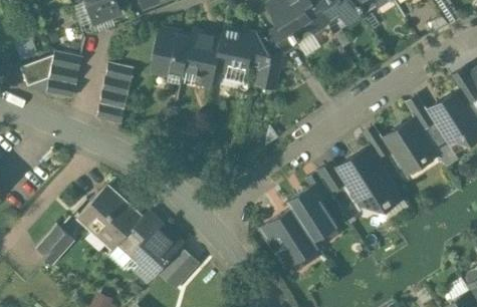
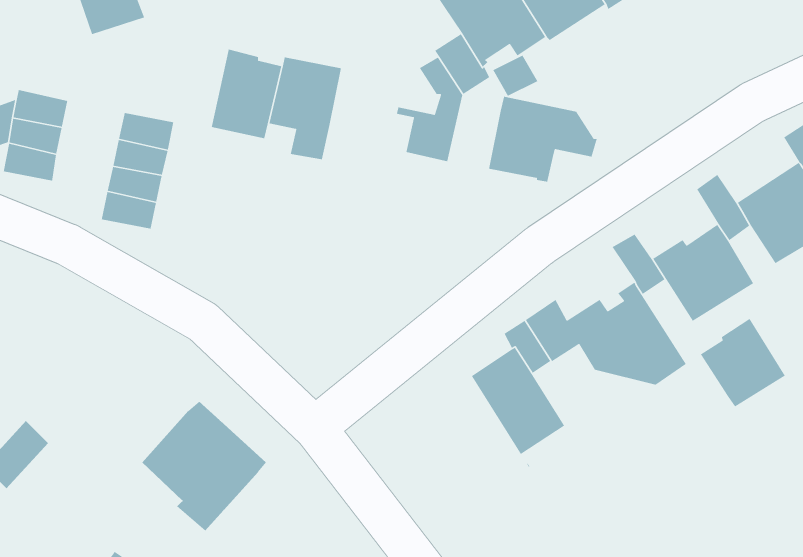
building: [215,32,272,77] -> [488,96,598,183]
building: none -> [700,318,786,408]
building: [77,188,141,247] -> none
building: [258,201,318,271] -> none
building: [160,251,195,287] -> none

